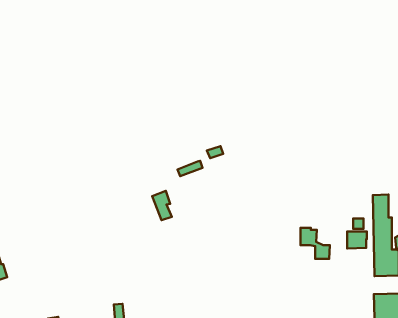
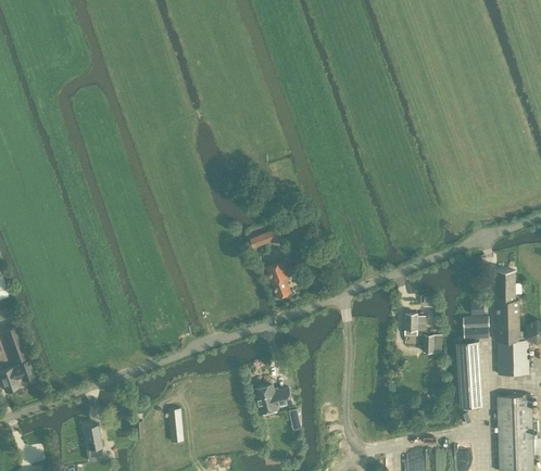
building: [152,191,172,220] -> [265,260,290,297]
building: none -> [456,341,482,408]
building: none -> [254,385,291,412]

